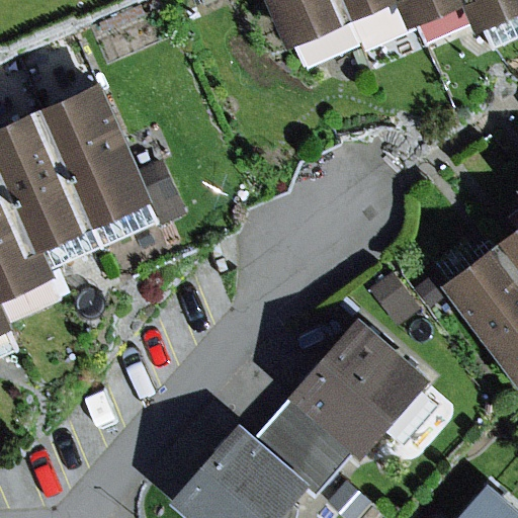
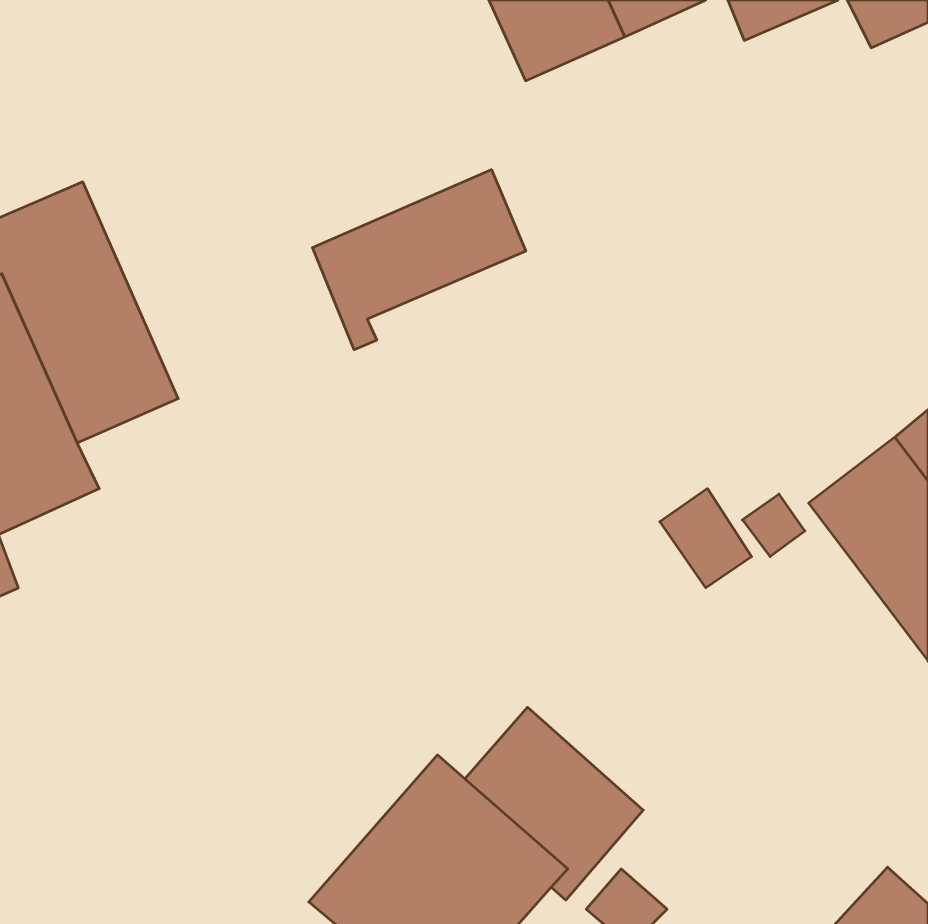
building: [46,84,153,228] -> none
building: none -> [312,170,526,350]
building: [290,319,433,461] -> none

